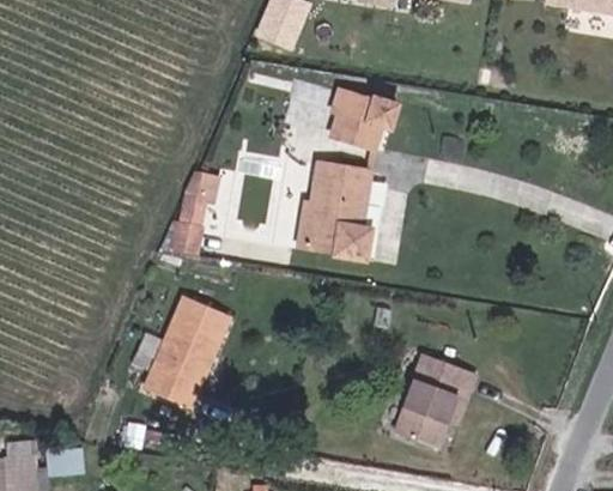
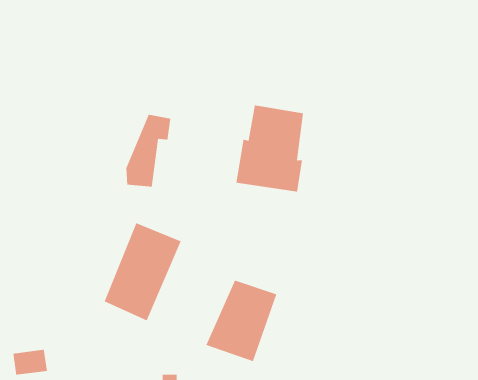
building: [324,90,399,153] -> none
building: [389,356,472,450] -> [206,280,277,362]

